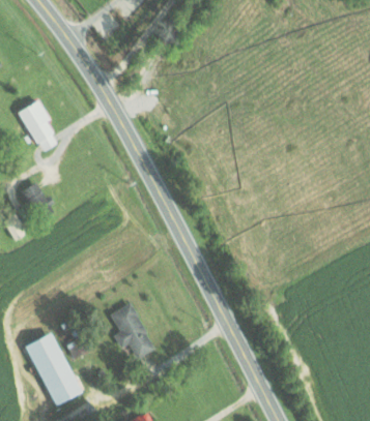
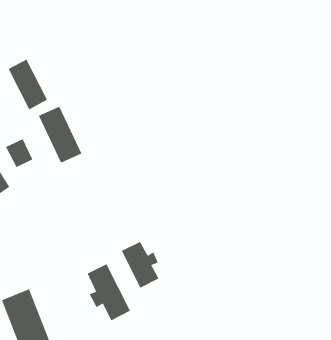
building: none -> [38,106,82,164]
building: none -> [121,241,159,288]

